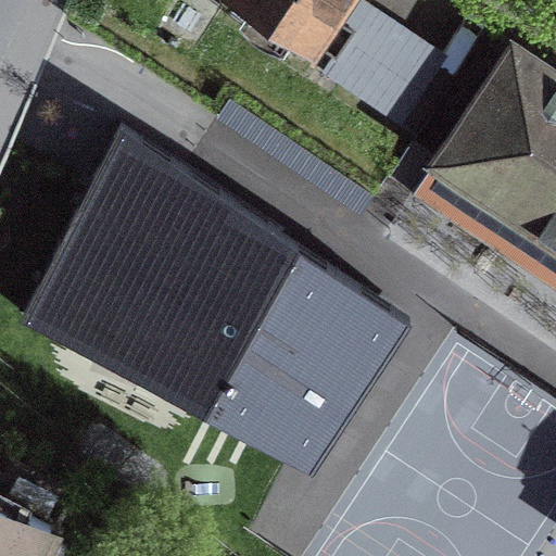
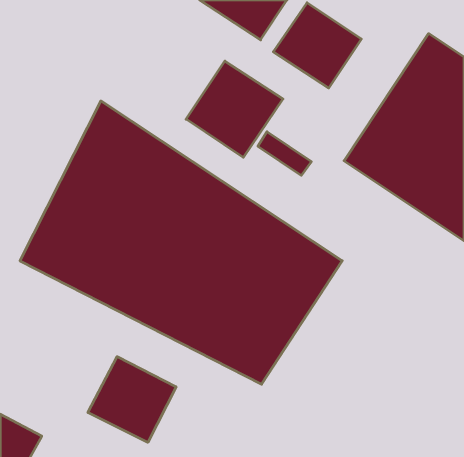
building: none -> [186,61,283,157]
building: none -> [88,357,176,442]

